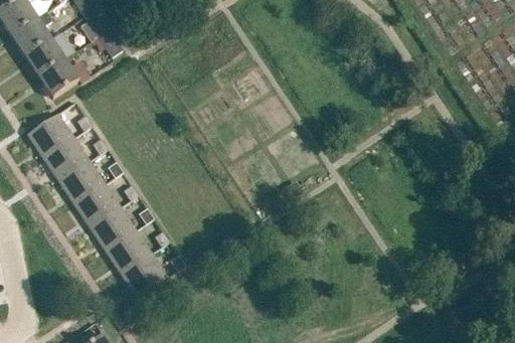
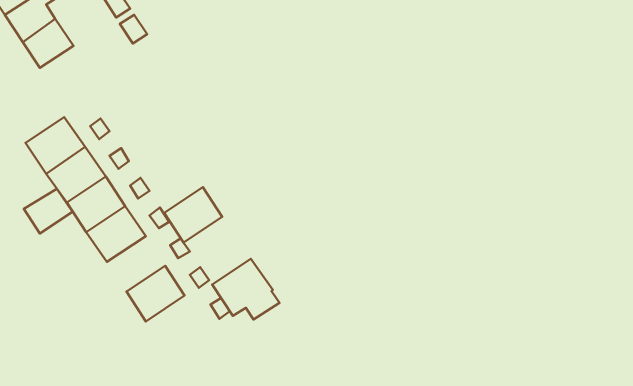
building: [38,58,78,97] -> none
building: none -> [24,189,72,234]
building: [91,206,136,249] -> [164,187,222,243]
building: [121,252,173,300] -> [212,259,279,320]

